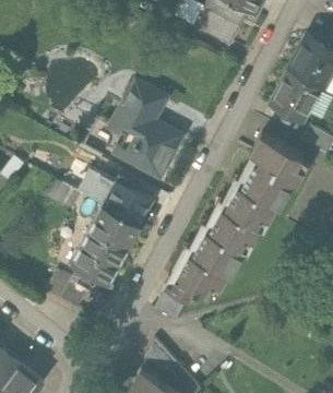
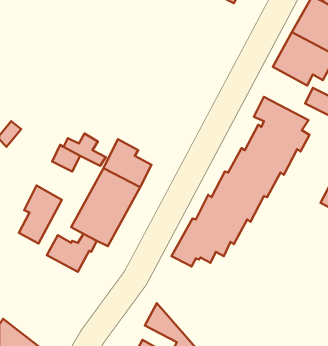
building: [110,83,179,177] -> none
building: none -> [19,186,62,244]
building: [154,289,187,322] -> none

